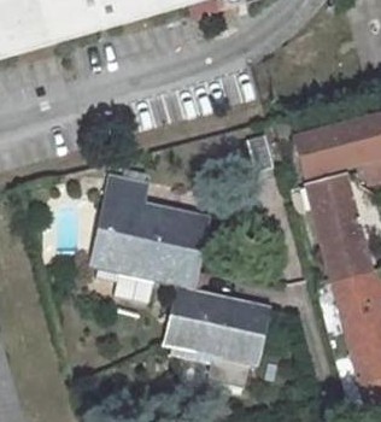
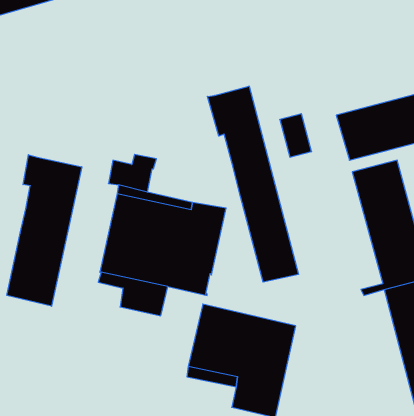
building: none -> [207,86,298,282]
building: none -> [7,155,82,306]

